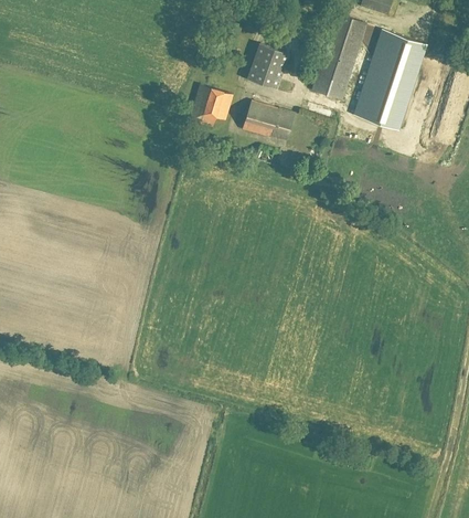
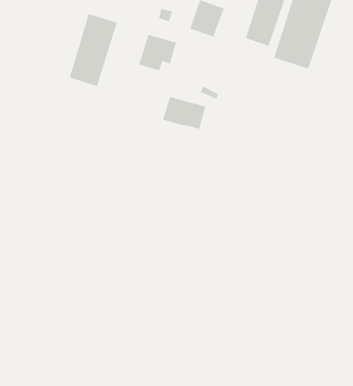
building: none -> [69,13,118,87]
building: [246,102,298,141] -> [162,96,206,130]

